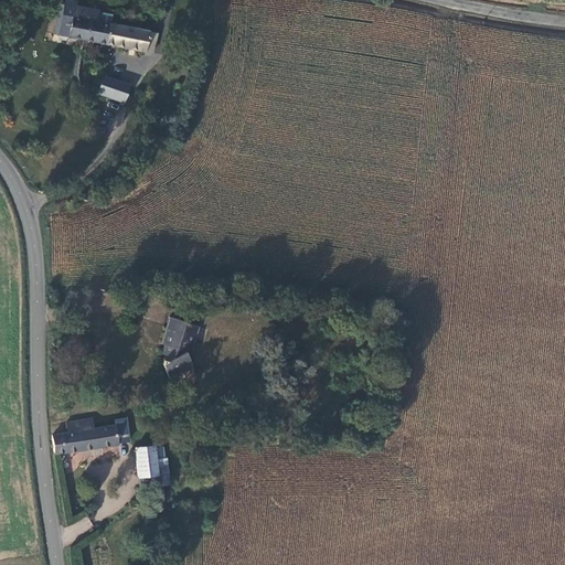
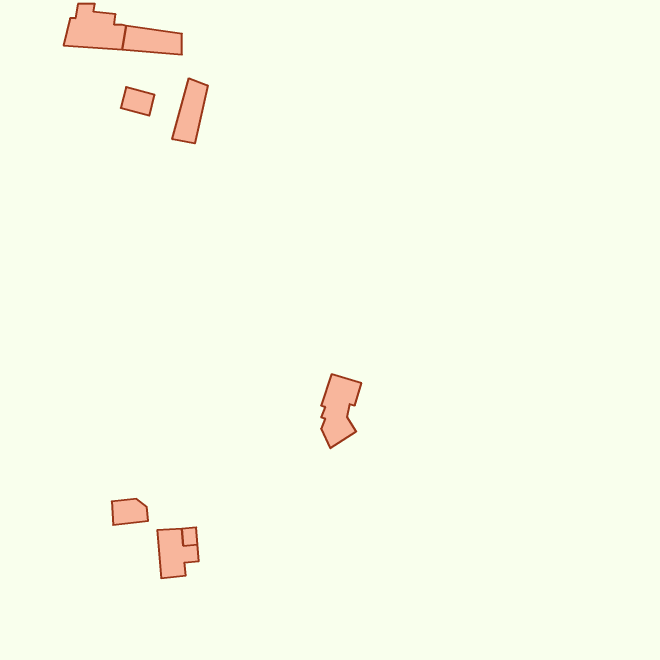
building: none -> [172,78,208,143]
building: [161,318,195,381] -> [321,374,361,448]
building: [54,417,99,449] -> none

